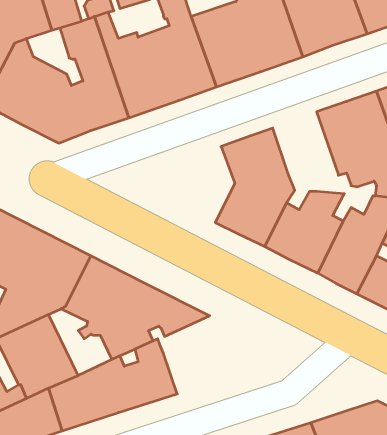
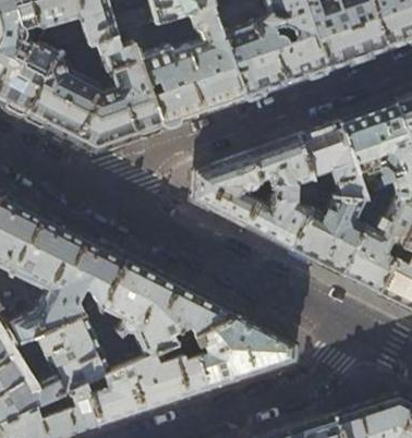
building: none -> [298,122,366,199]
building: none -> [193,155,262,227]
building: none -> [189,315,295,389]

